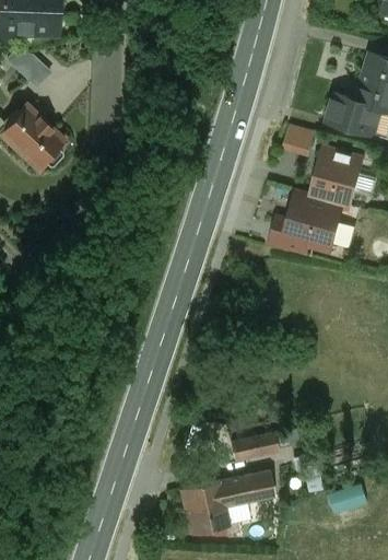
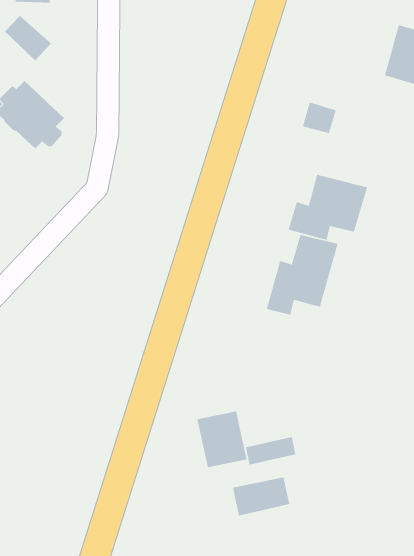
building: [325,92,381,132] -> none
building: [309,147,364,207] -> none
building: none -> [266,234,338,315]
building: [181,480,228,533] -> [197,411,248,468]

